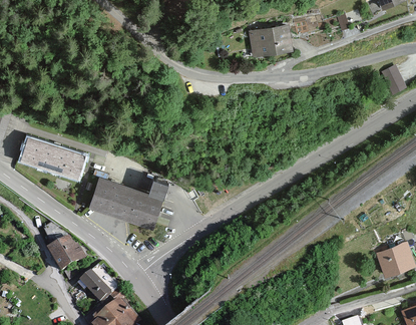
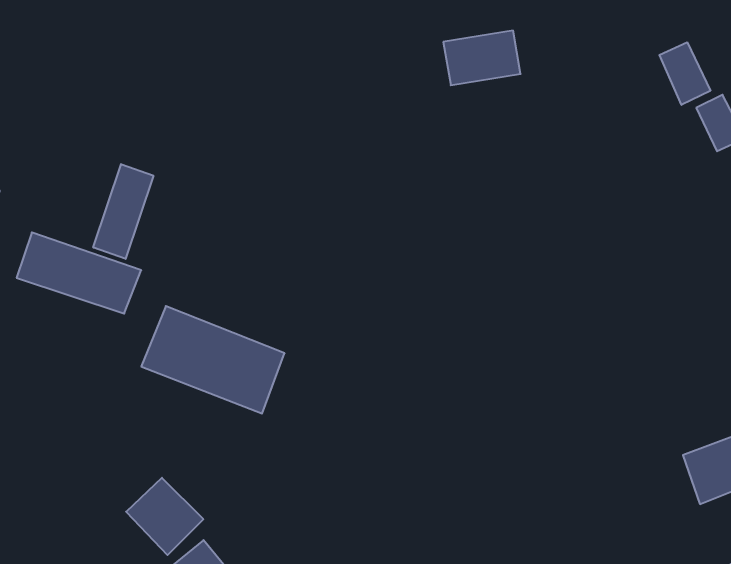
building: none -> [659,42,710,105]
building: none -> [93,164,153,259]
building: [46,232,84,270] -> none

